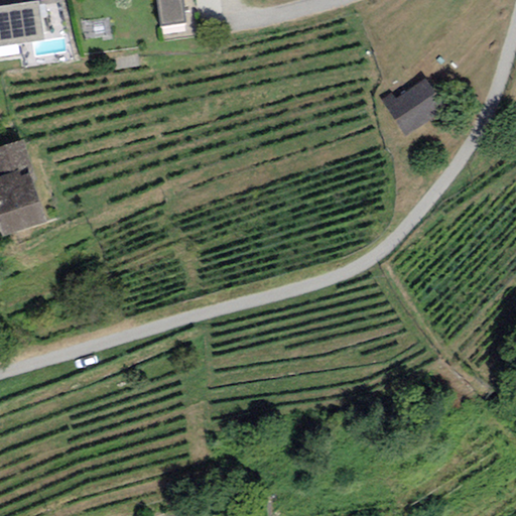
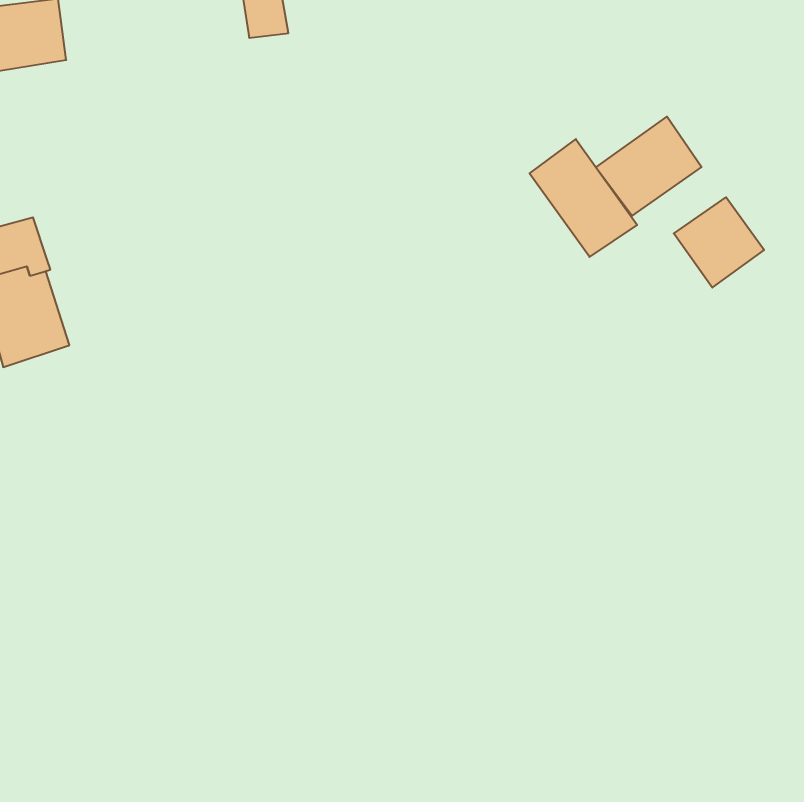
building: none -> [530,139,637,257]
building: none -> [674,197,764,288]

